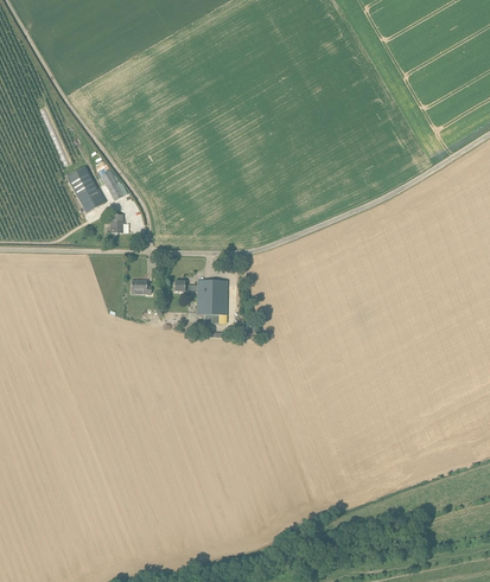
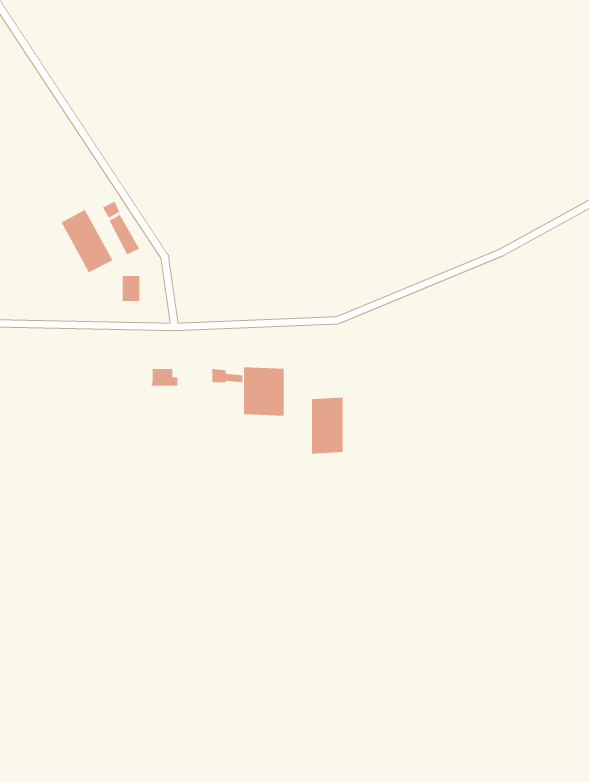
building: none -> [311,397,343,455]

